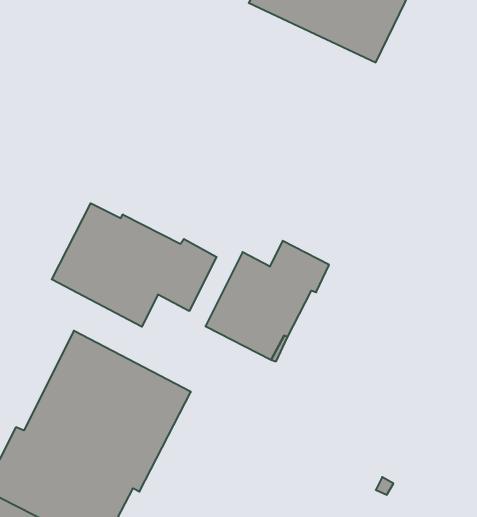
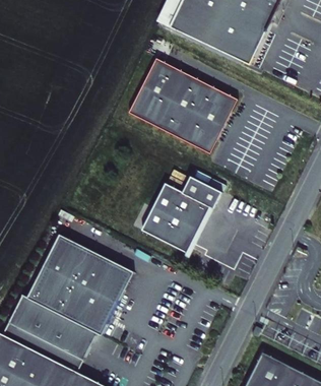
building: none -> [129,57,238,153]
building: [52,203,217,327] -> none

